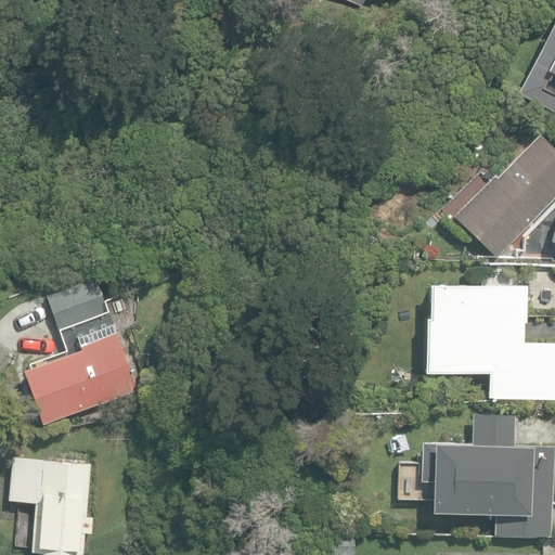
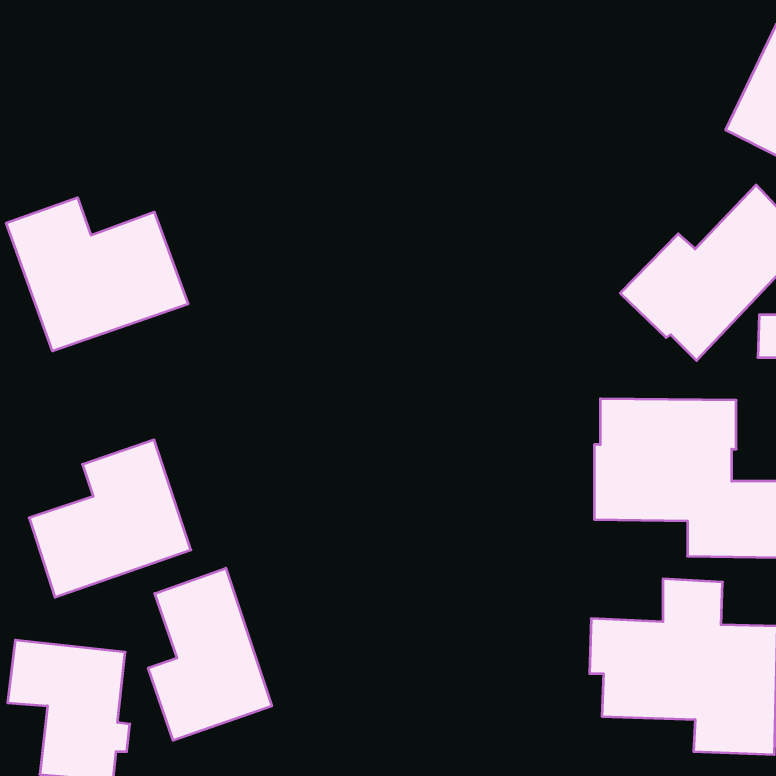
building: none -> [6,198,188,351]
building: [49,280,108,330] -> none
building: none -> [148,568,272,740]

